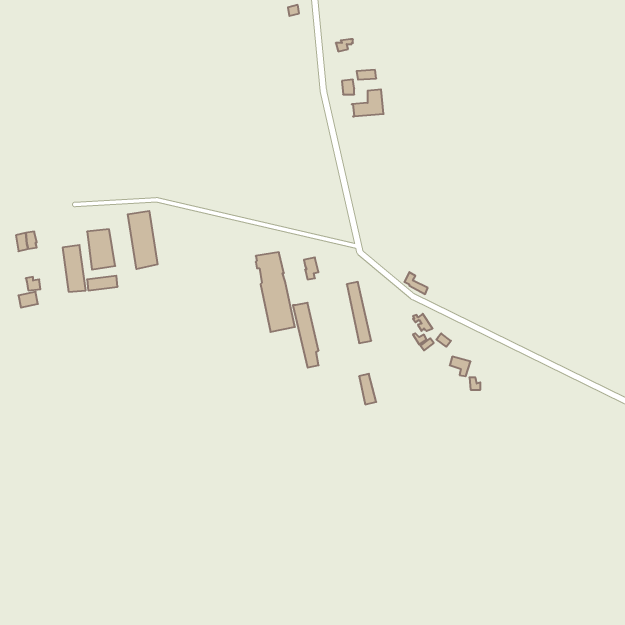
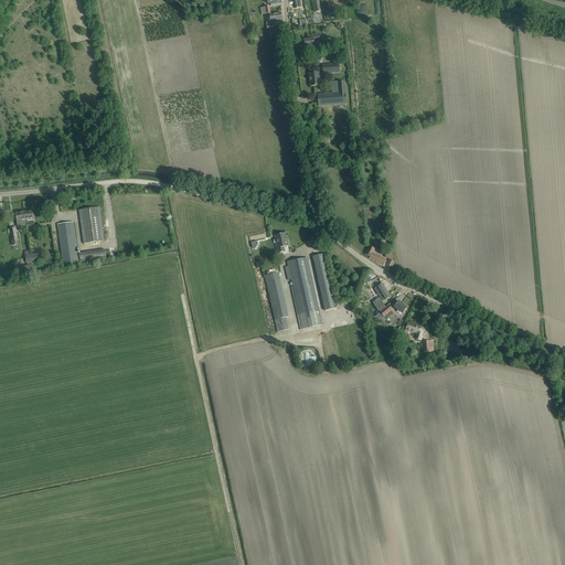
building: [128,211,158,269] -> none
building: [256,252,295,332] -> [286,257,321,329]

